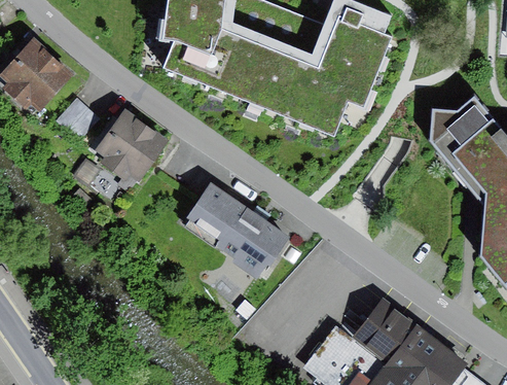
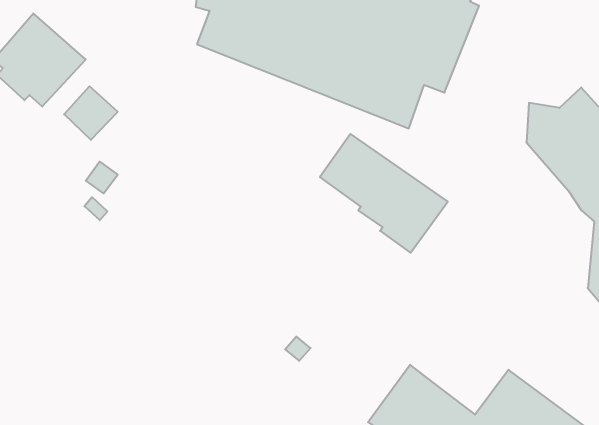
building: [95,109,172,184] -> none
building: [186,183,289,279] -> [320,134,448,253]
building: [355,299,415,361] -> none

